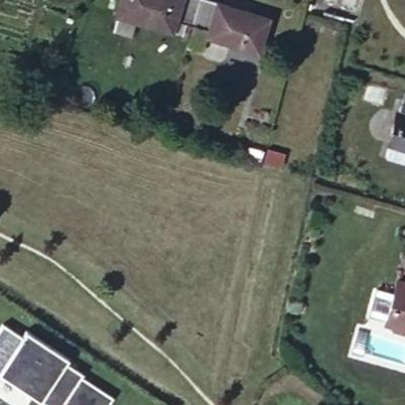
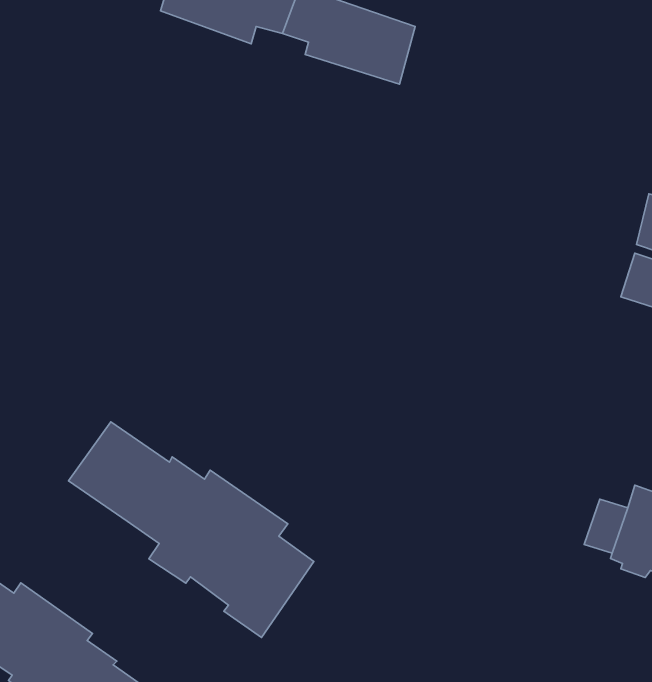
building: none -> [68,422,314,638]

